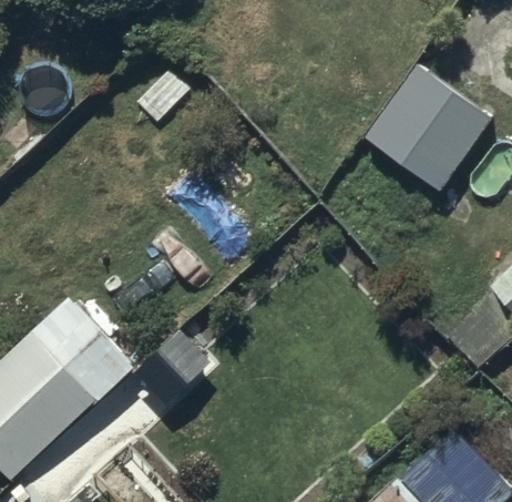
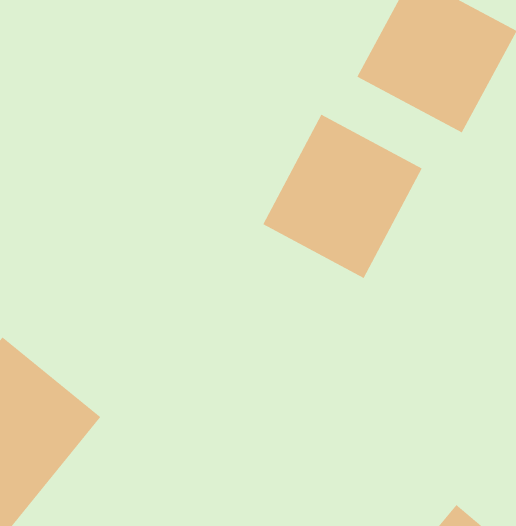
building: none -> [262,114,422,279]

